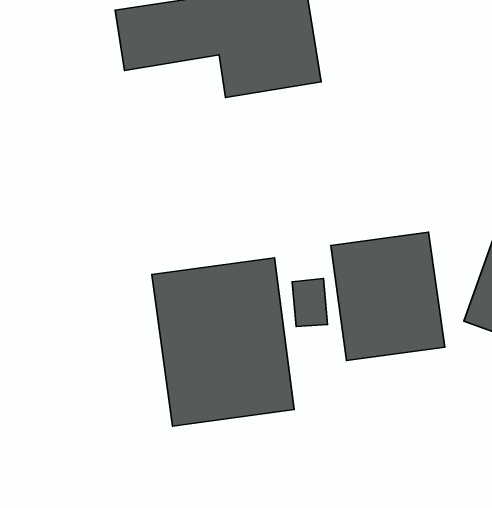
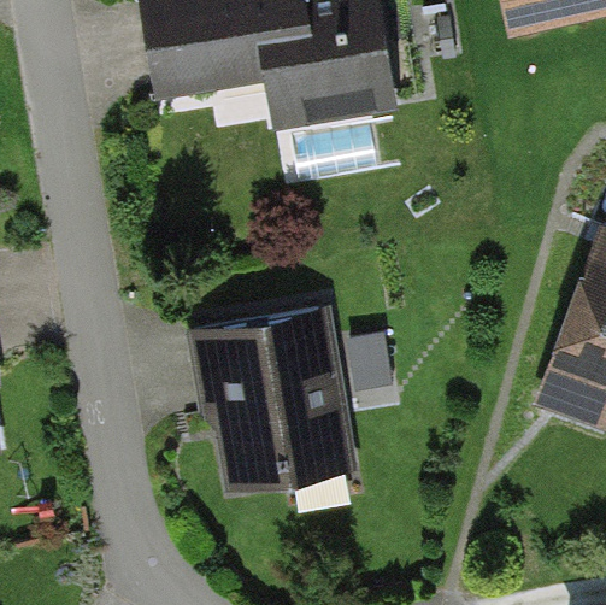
building: [331,232,445,361] -> none

